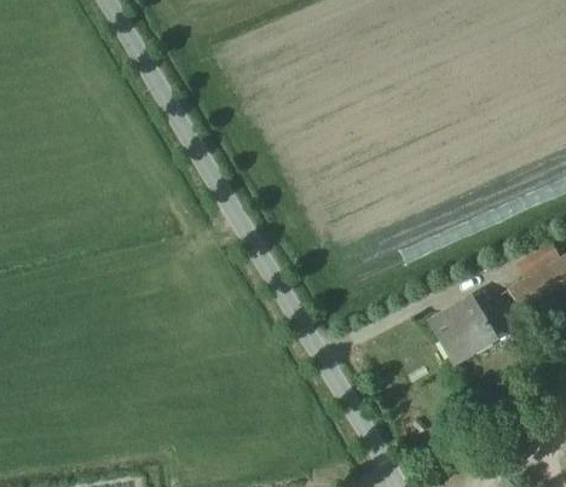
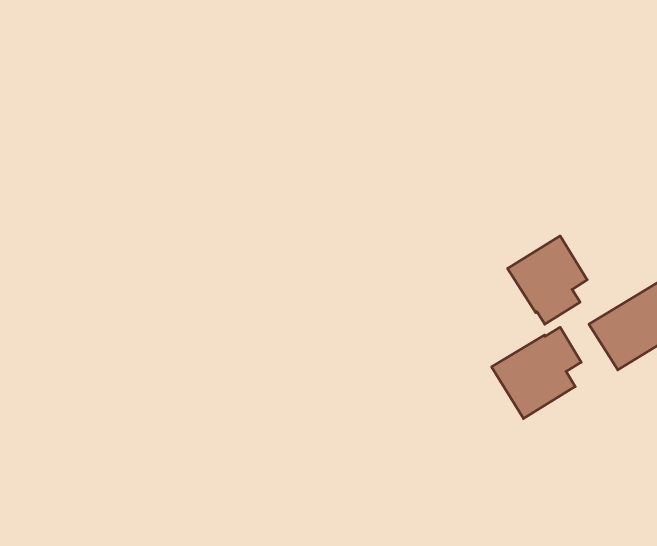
building: none -> [508,236,587,324]

